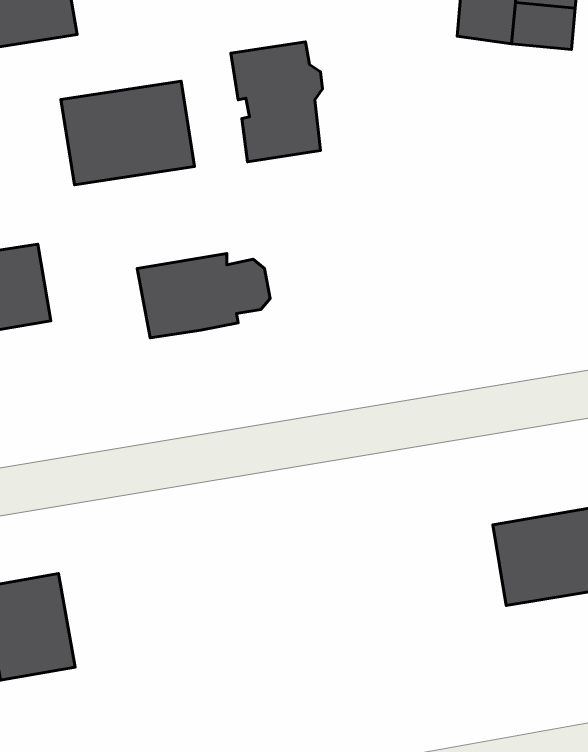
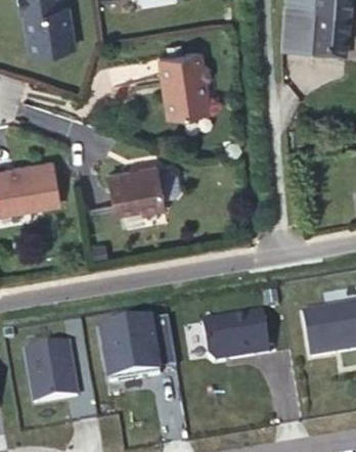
building: [61,81,195,185] -> none
building: none -> [201,309,263,358]
building: none -> [102,319,176,383]

